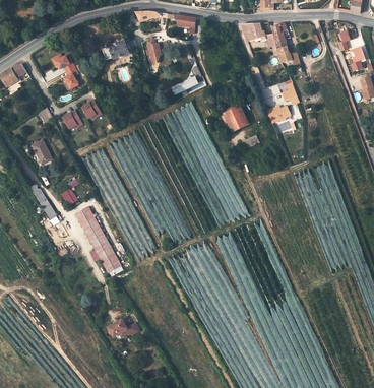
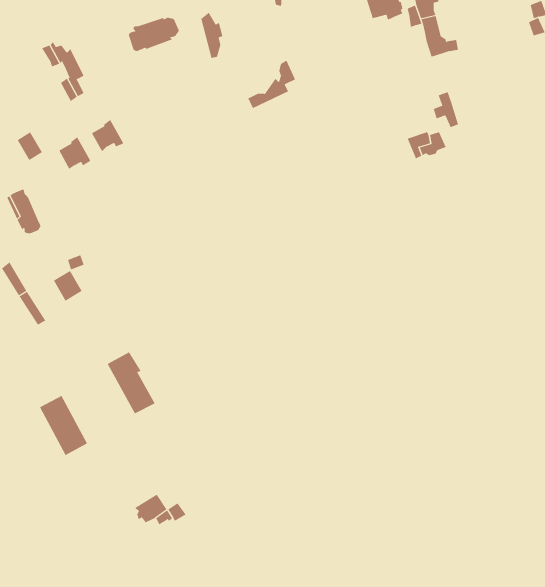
building: [224,103,248,132] -> none
building: [76,207,105,243] -> [39,395,88,456]

